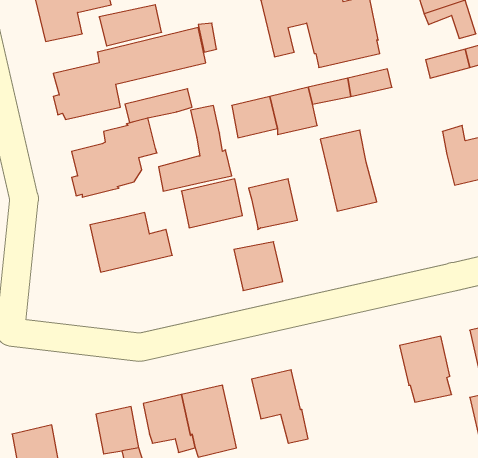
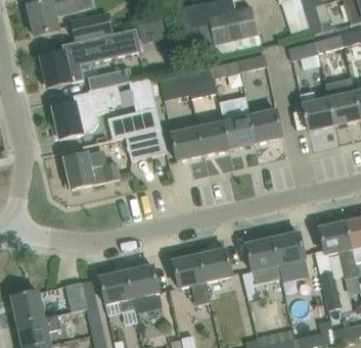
building: none -> [250,110,282,143]
building: [234,242,283,291] -> [197,122,230,155]
building: none -> [246,239,280,283]
building: none -> [199,249,232,282]

